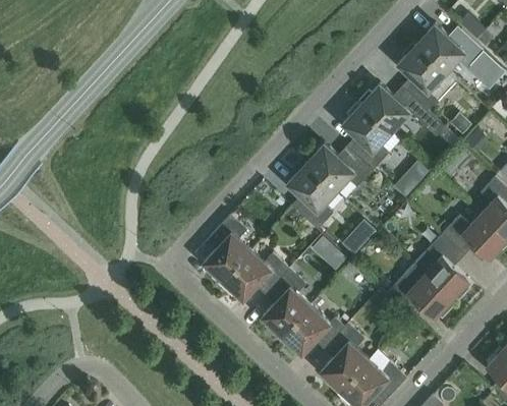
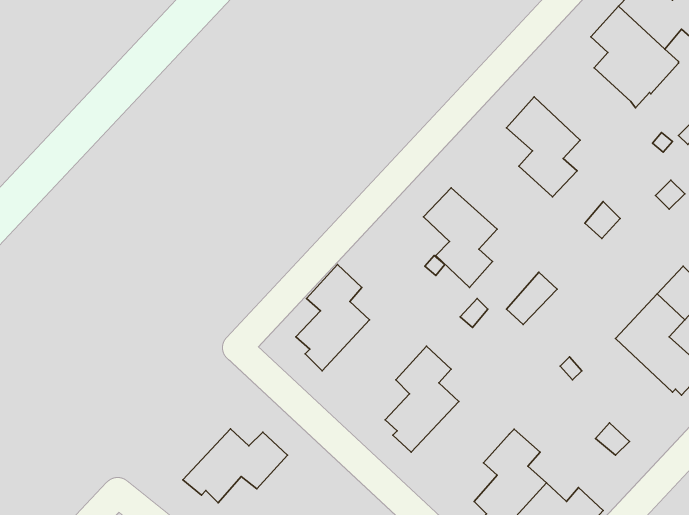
building: [360,83,435,132] -> none
building: [305,143,377,191] -> none
building: [220,251,289,300] -> [183,429,287,503]
building: [387,264,454,318] -> none
building: [279,305,344,354] -> none

